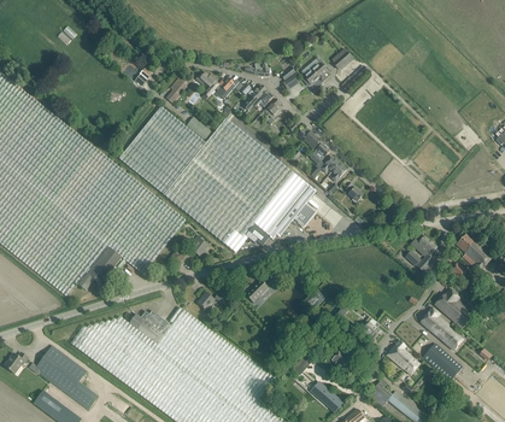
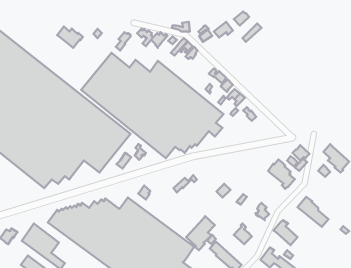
building: none -> [57,27,83,48]
building: [435,289,472,330] -> [268,159,295,189]
building: none -> [186,216,215,250]
building: [423,342,463,381] -> none

